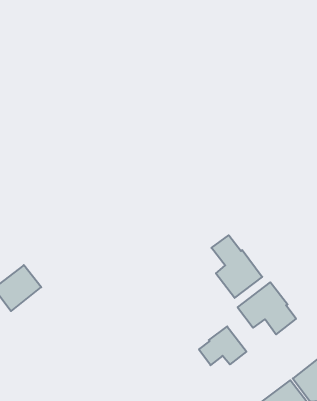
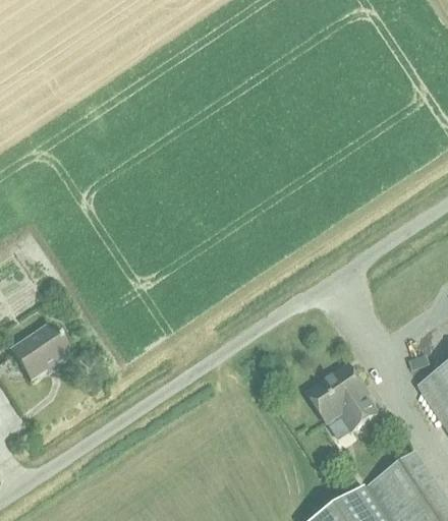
building: [211,235,262,298] -> none
building: [199,326,246,365] -> none

